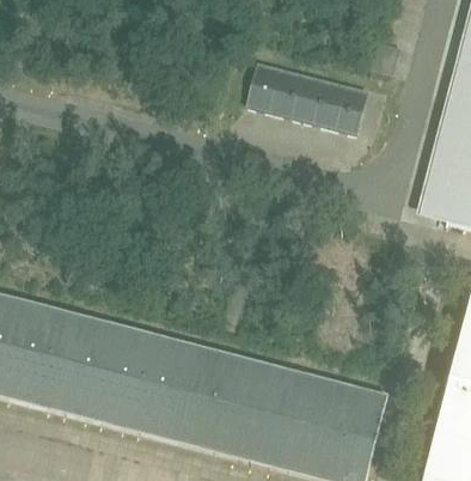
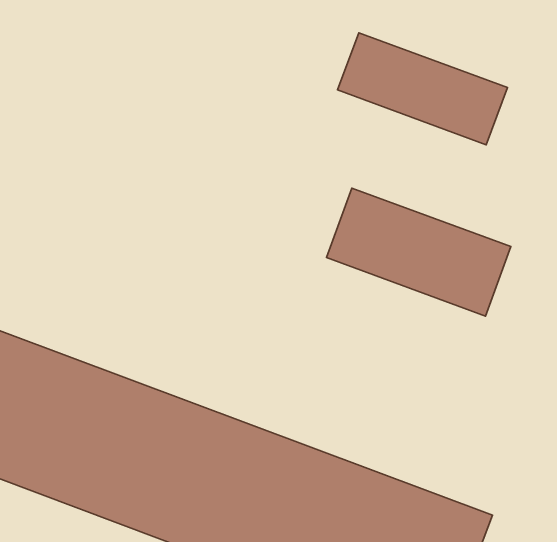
building: none -> [326,188,511,316]

